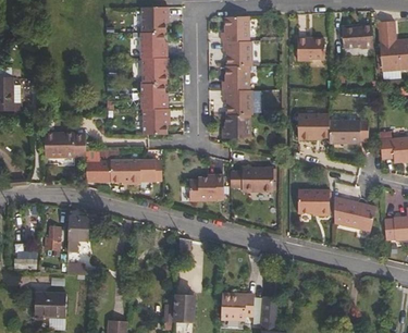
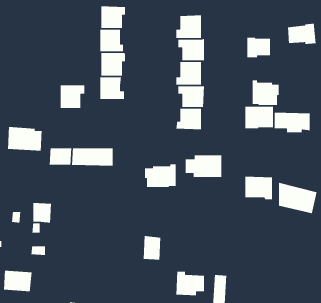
building: none -> [252,80,280,106]
building: [143,108,170,134] -> [60,84,85,109]
building: [175,294,195,321] -> [143,235,161,260]

